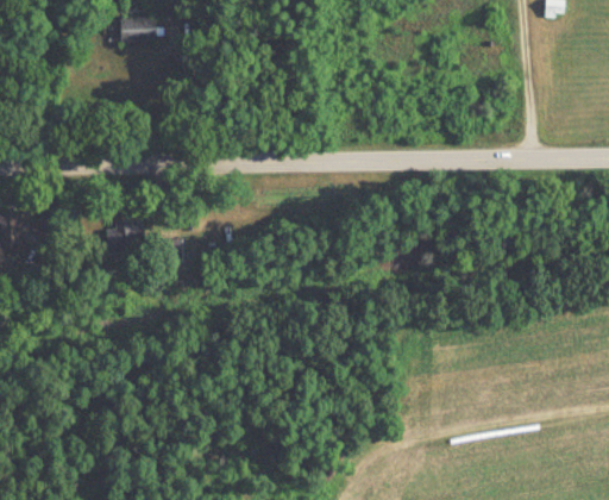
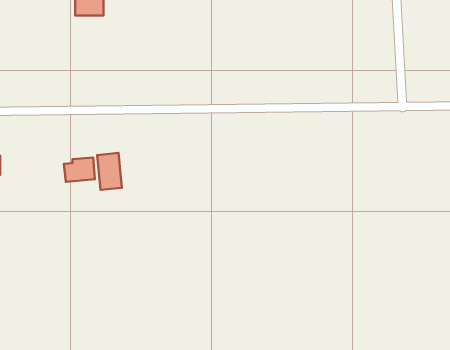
building: none -> [97,153,122,190]

